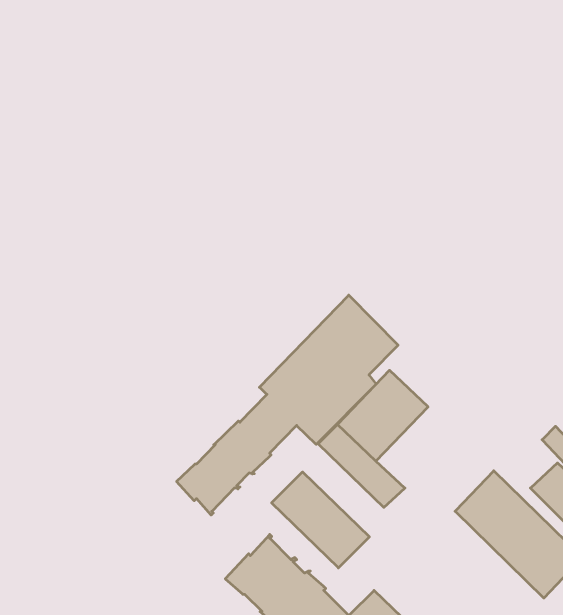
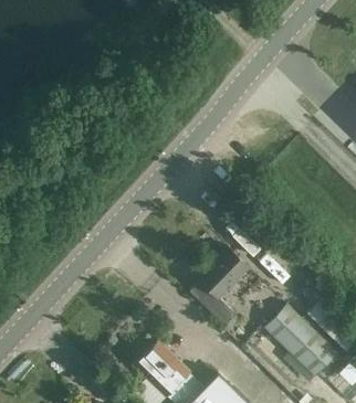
building: [177,295,398,515] -> none
building: [272,472,369,568] -> none

